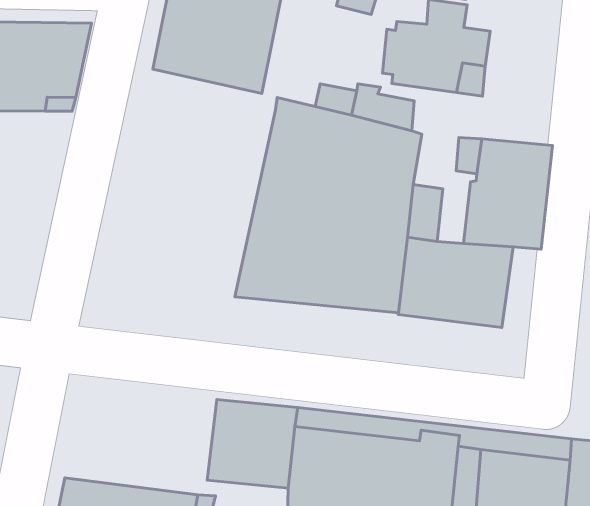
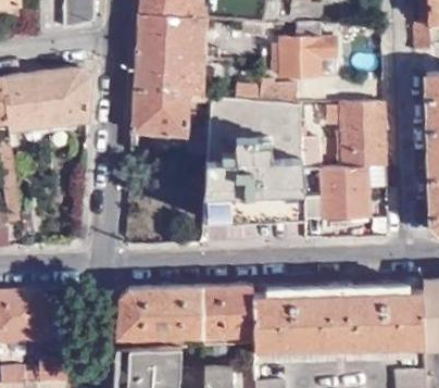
building: none -> [130,91,212,139]
building: none -> [116,287,202,339]

